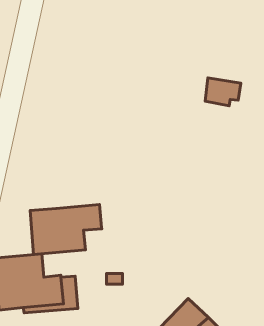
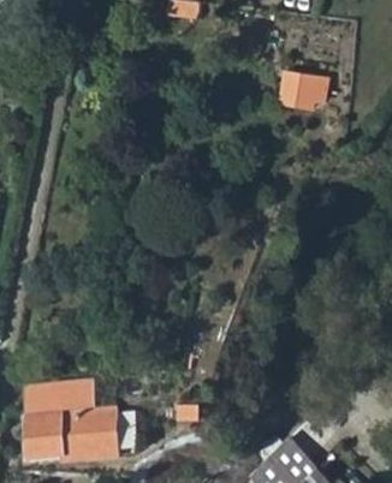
building: [205,78,241,106] -> [279,70,327,107]
building: [30,205,102,254] -> none

